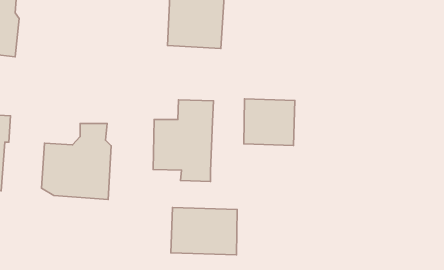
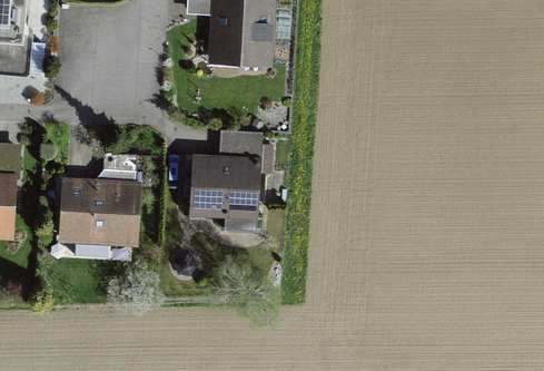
building: [244,99,295,145] -> none
building: [171,208,237,255] -> none

